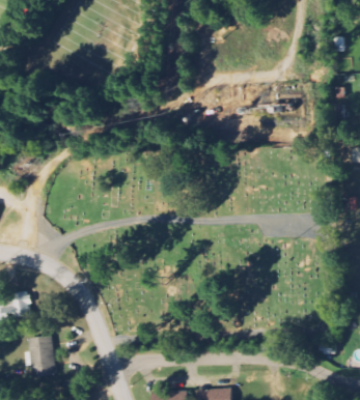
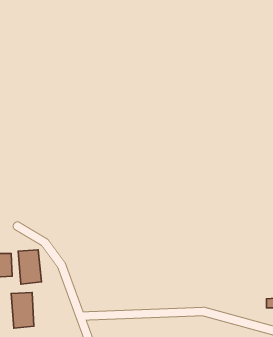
building: none -> [18,250,42,284]

